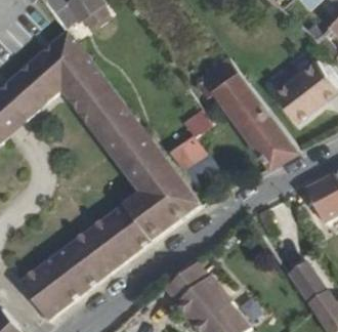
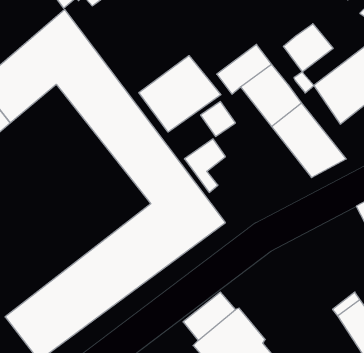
building: none -> [283,24,333,72]
building: none -> [139,56,221,132]

